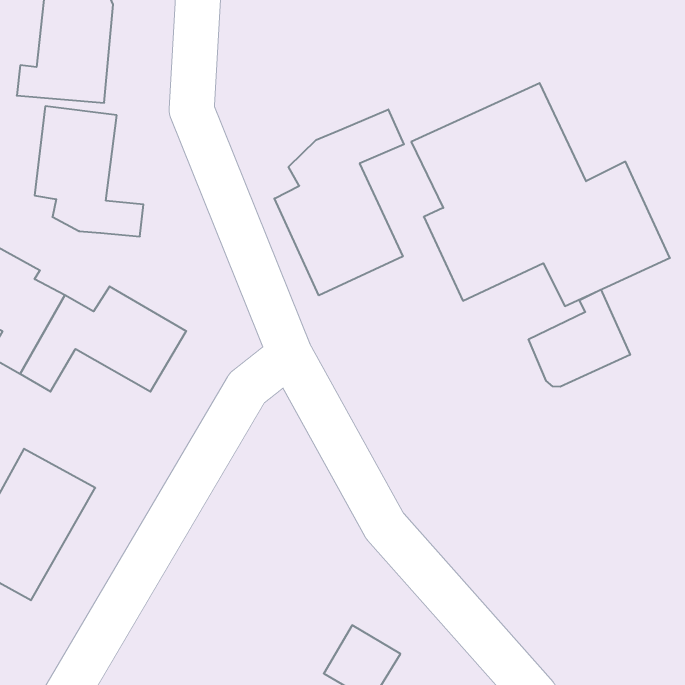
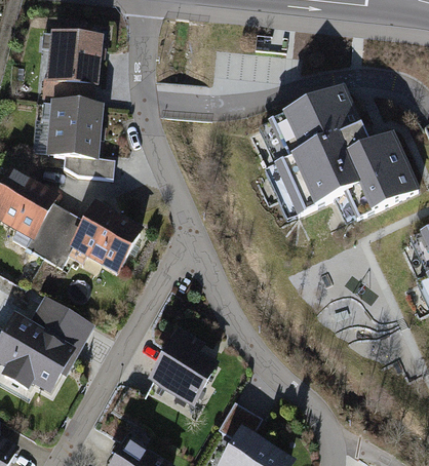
building: [274,109,404,295] -> none
building: [529,290,630,387] -> none
building: none -> [153,334,212,398]

